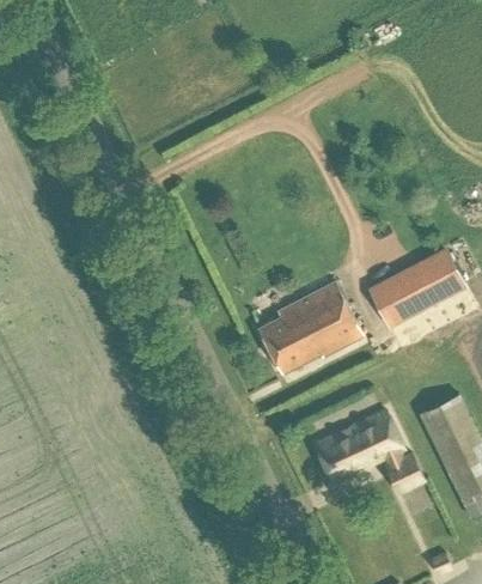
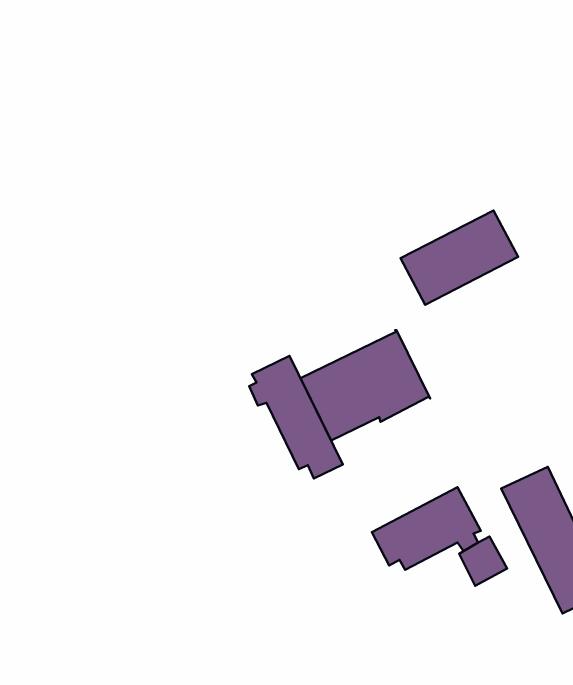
building: [368,250,465,328] -> [400,210,518,305]
building: none -> [249,356,343,479]

